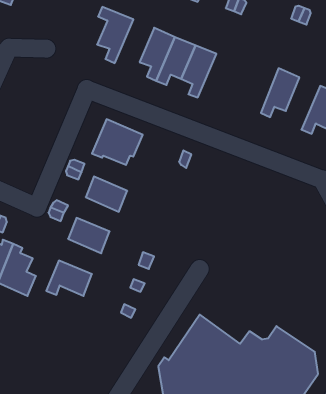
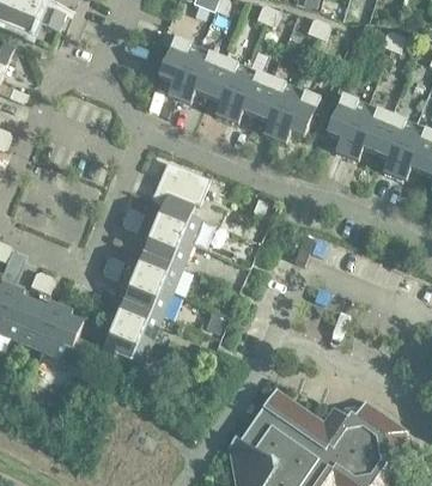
building: none -> [177,47,223,102]
building: none -> [273,86,320,141]
building: none -> [325,93,366,154]
building: none -> [375,114,414,174]
building: none -> [153,203,214,249]
building: none -> [133,251,191,296]
building: none -> [112,299,162,340]

